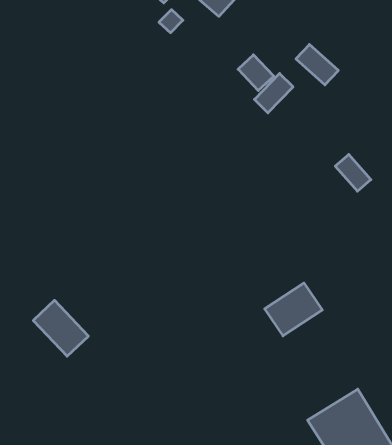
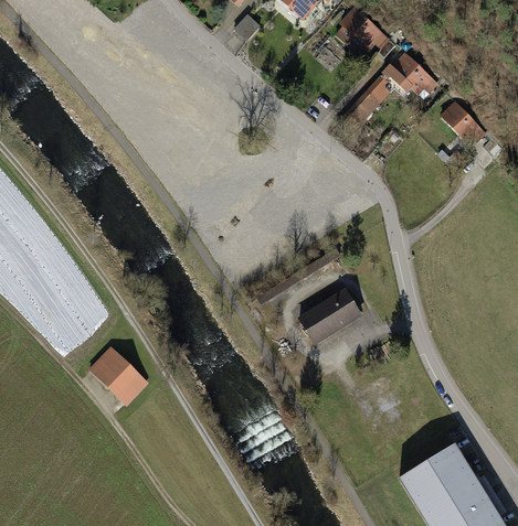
building: [238,55,274,91] -> [335,13,376,54]
building: [335,154,371,191] -> [442,103,483,144]
building: [265,283,322,336] -> [295,287,361,347]

